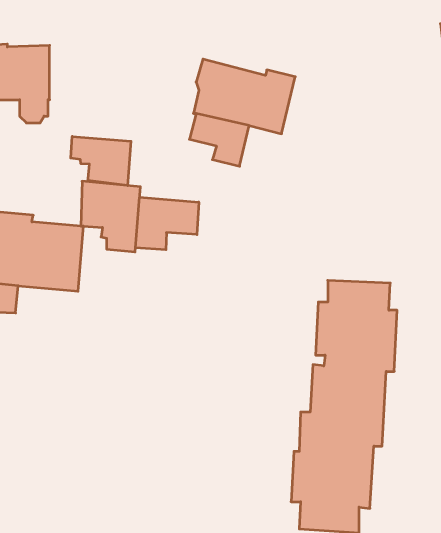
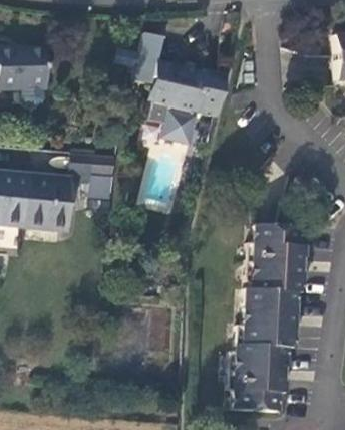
building: none -> [135,23,167,77]
building: [71,136,131,186] -> none
building: [135,197,199,250] -> none

